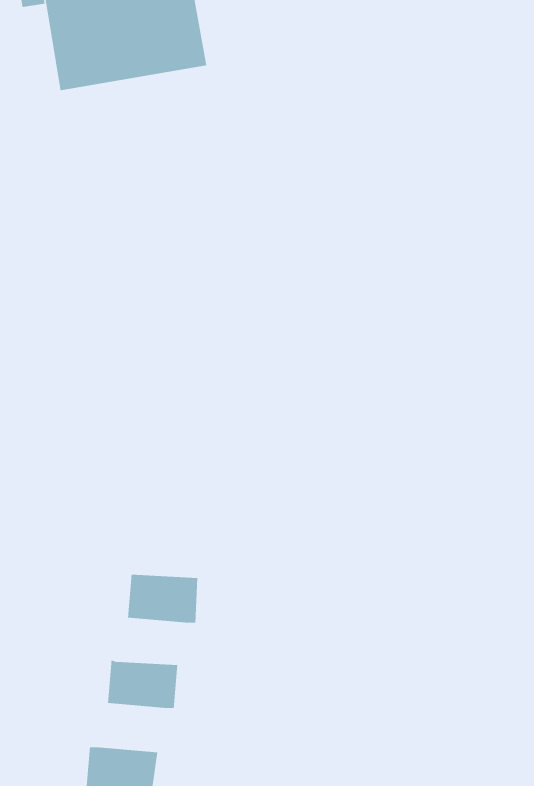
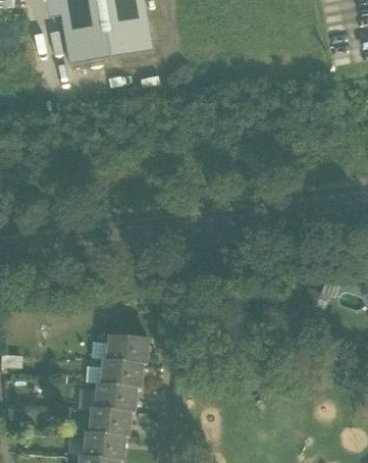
building: none -> [101,360,142,387]
building: none -> [90,408,129,435]

